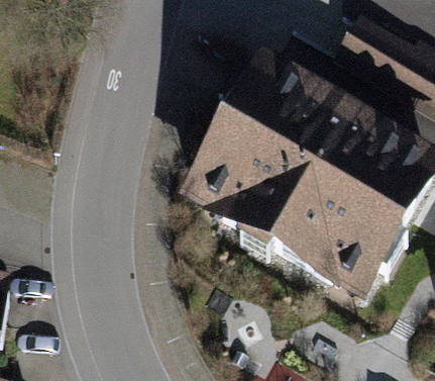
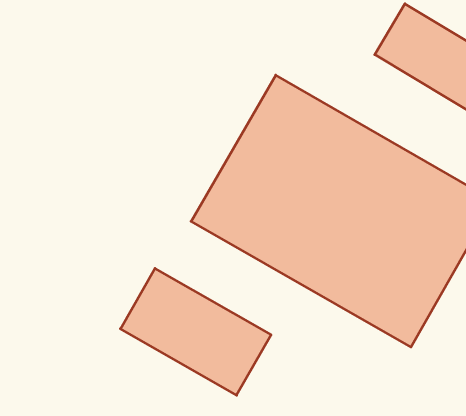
building: none -> [120,268,271,395]

